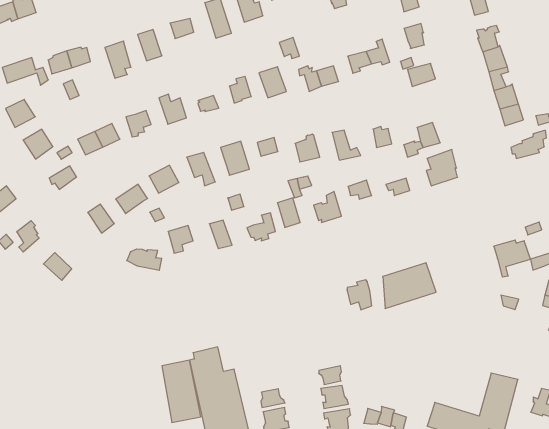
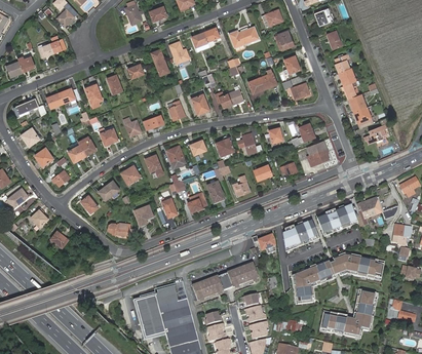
building: none -> [316,202,357,236]
building: none -> [292,254,383,304]
building: none -> [192,262,259,299]

